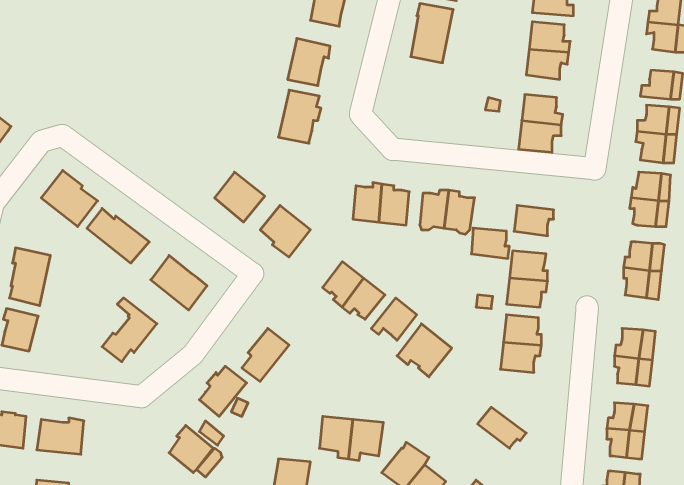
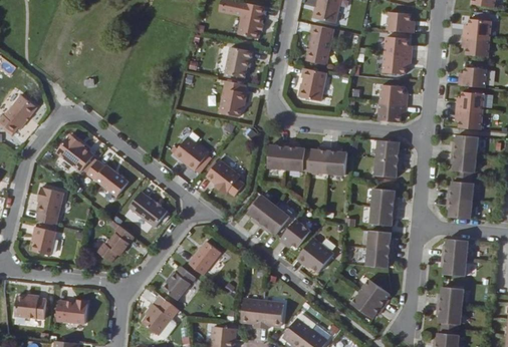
building: none -> [298,67,326,100]
building: [471,228,509,258] -> [375,140,401,160]
building: none -> [358,278,389,308]

